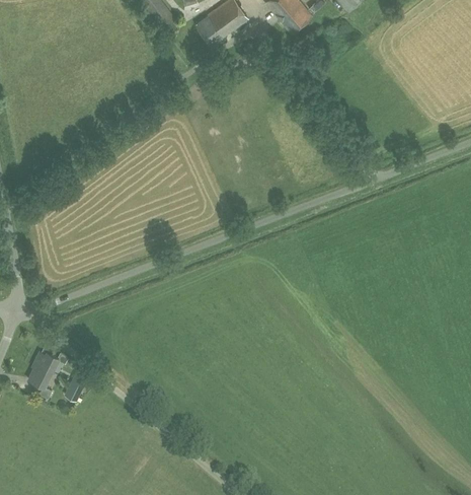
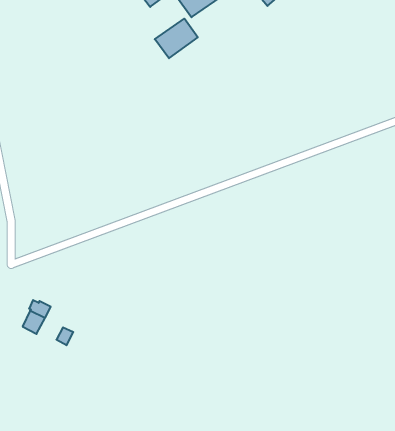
building: none -> [155,19,198,58]

